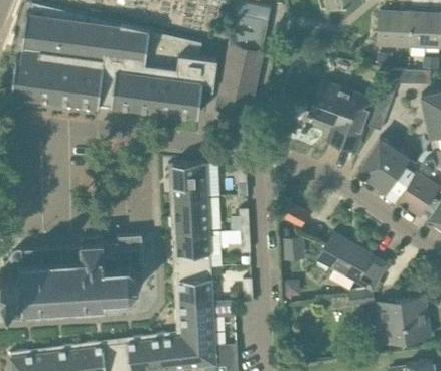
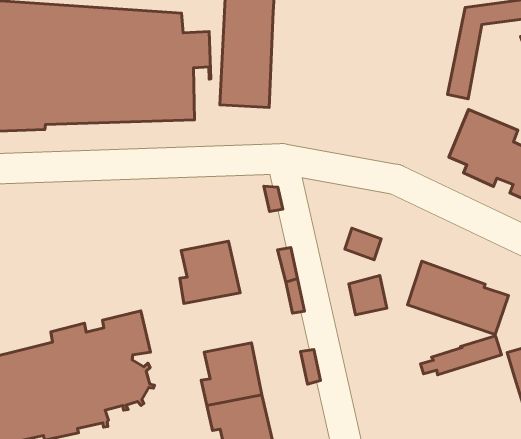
building: [308,84,373,151] -> none
building: [168,164,207,201] -> none
building: [171,234,222,270] -> none

